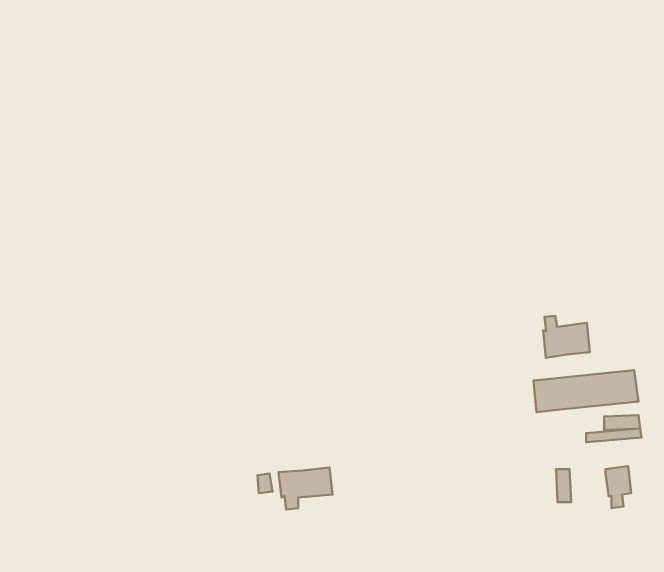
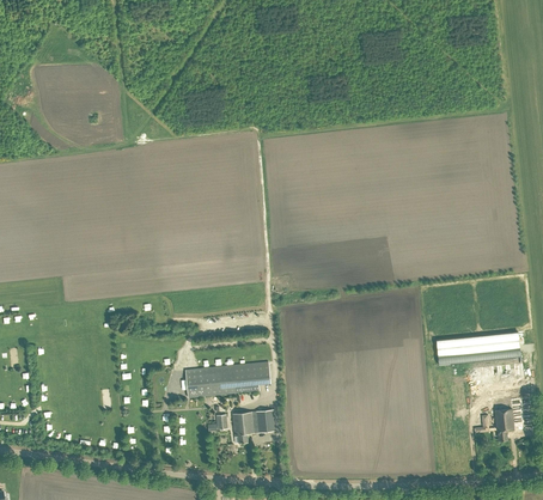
building: [543,316,590,358] -> none
building: none -> [184,361,270,397]

